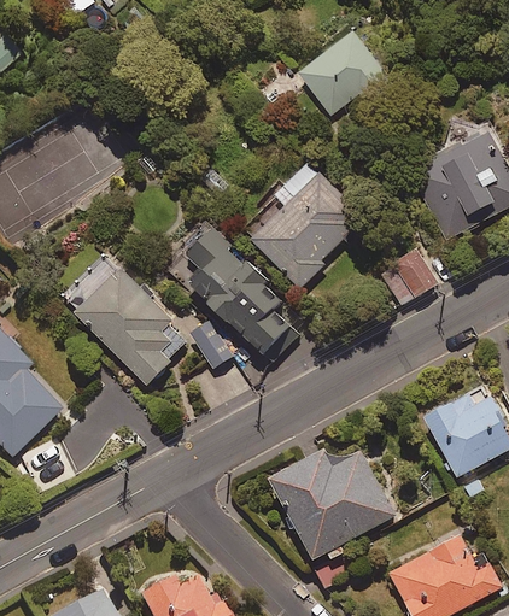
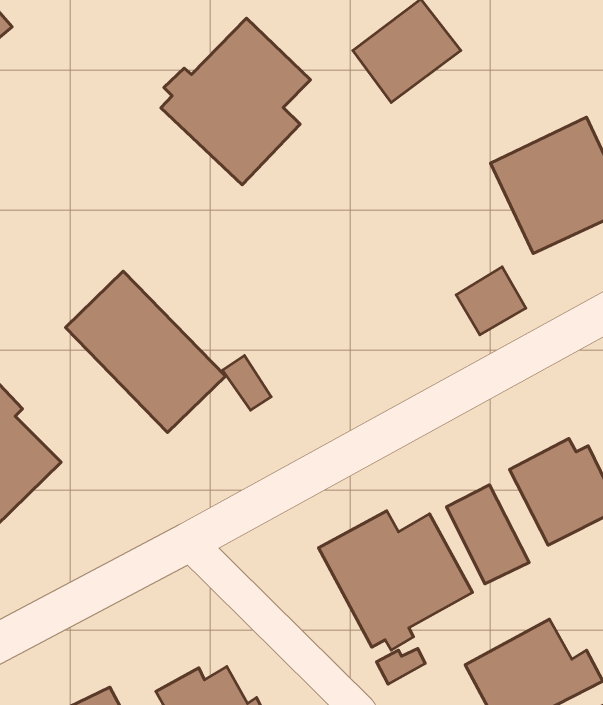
building: none -> [161,18,311,185]
building: [245,160,370,287] -> none
building: [186,227,289,354] -> none
building: none -> [446,485,529,584]

